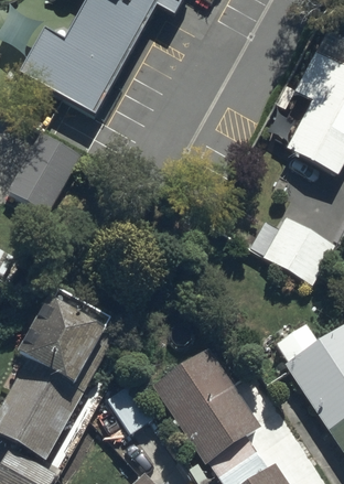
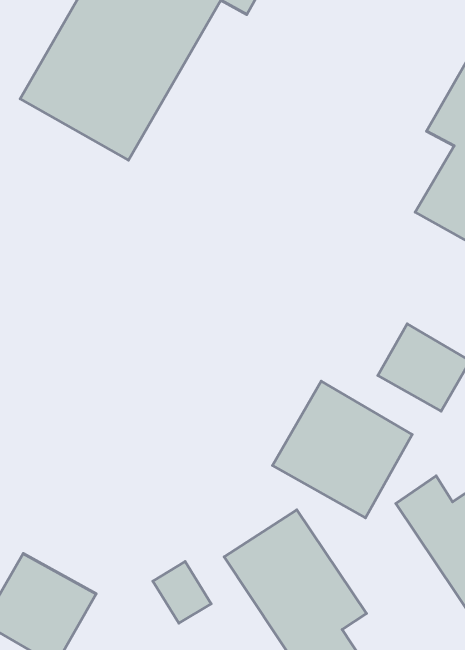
building: [10,135,86,217] -> none
building: none -> [272,381,412,518]
building: [22,303,99,379] -> none

